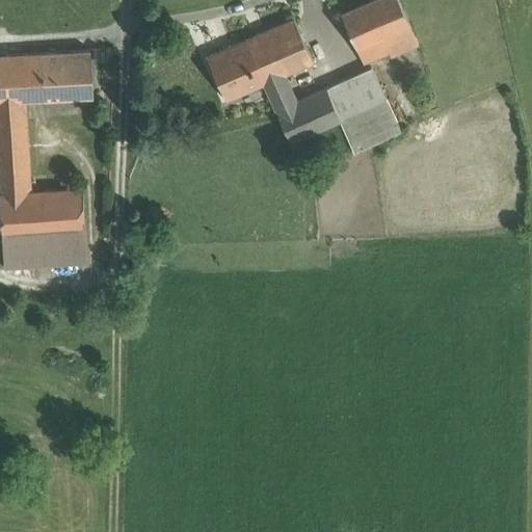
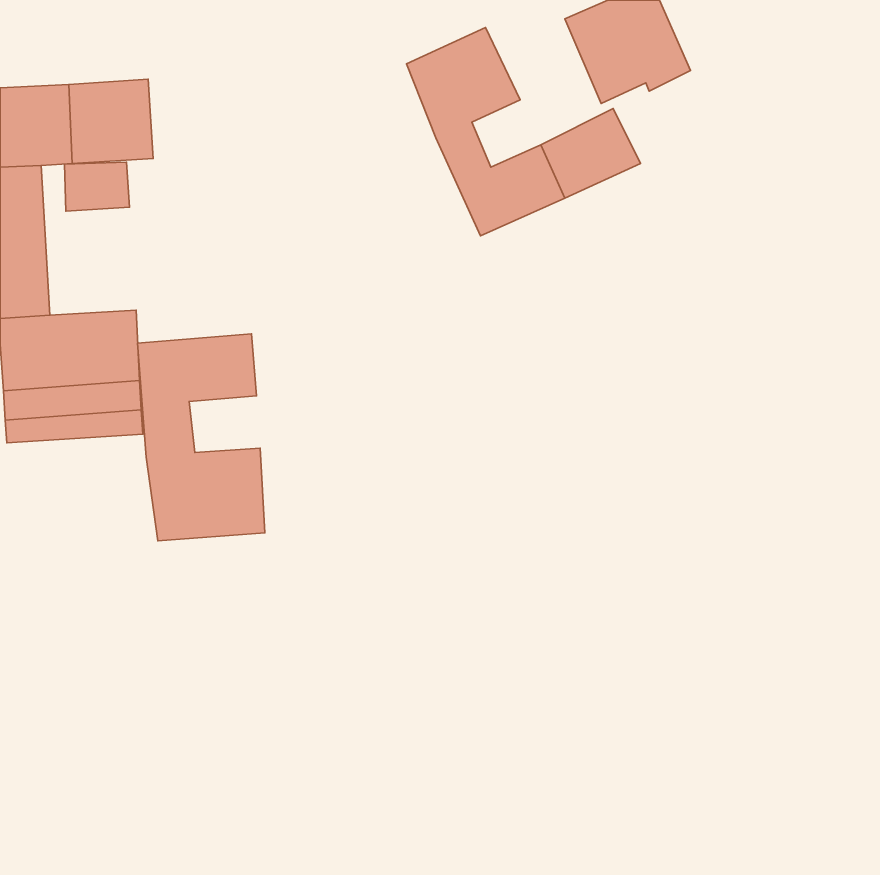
building: [207,42,263,103] -> none
building: none -> [64,162,130,211]
building: [341,102,400,152] -> none
building: none -> [138,334,265,541]

